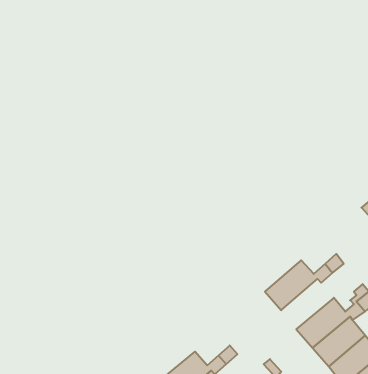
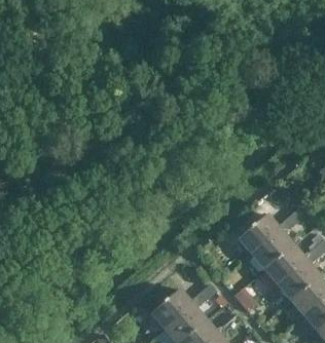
building: none -> [252,230,295,271]

